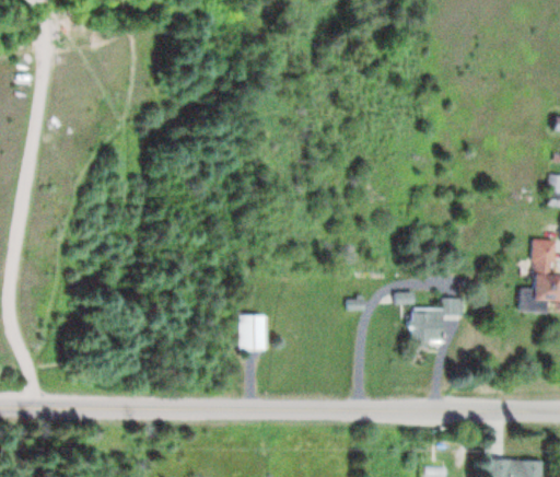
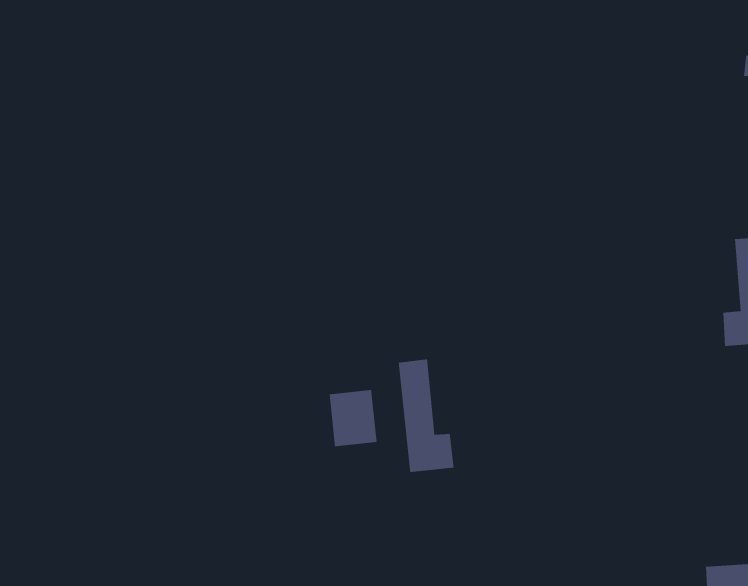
building: none -> [398,359,454,473]
building: [416,307,448,345] -> none

